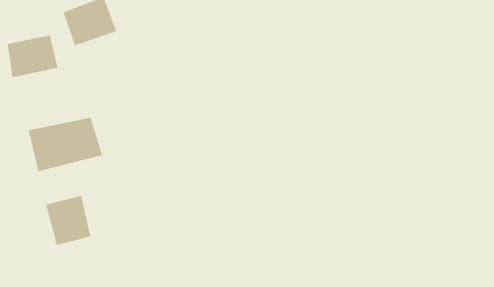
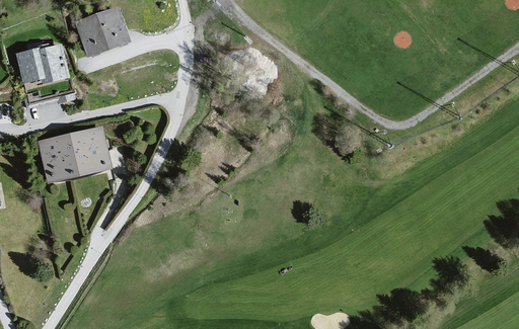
building: [45,195,91,246] -> none

